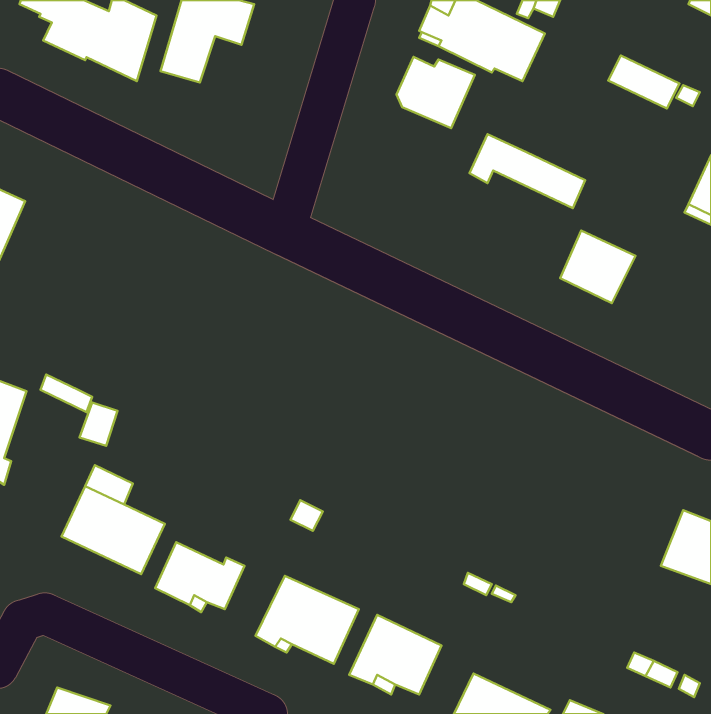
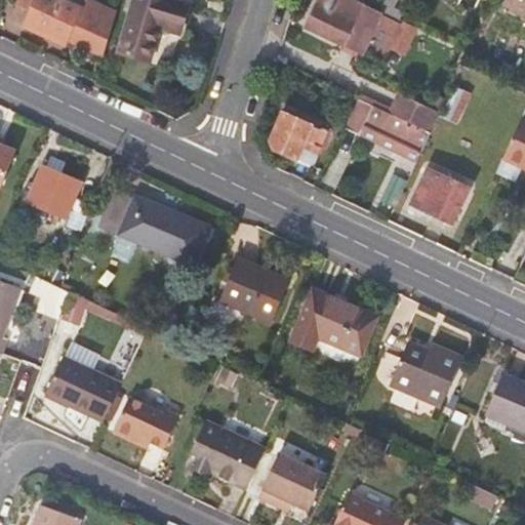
building: [608,55,679,109] -> [387,93,439,132]
building: [397,57,475,128] -> [270,113,327,165]
building: none -> [26,165,79,218]
building: none -> [98,190,208,266]
building: none -> [219,258,288,321]
building: none -> [290,287,376,356]
building: none -> [390,341,459,405]

